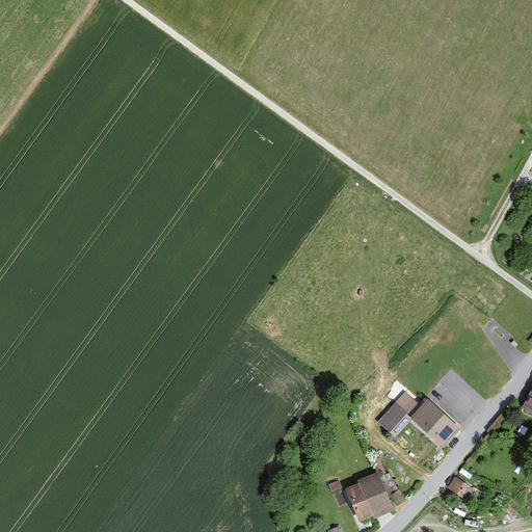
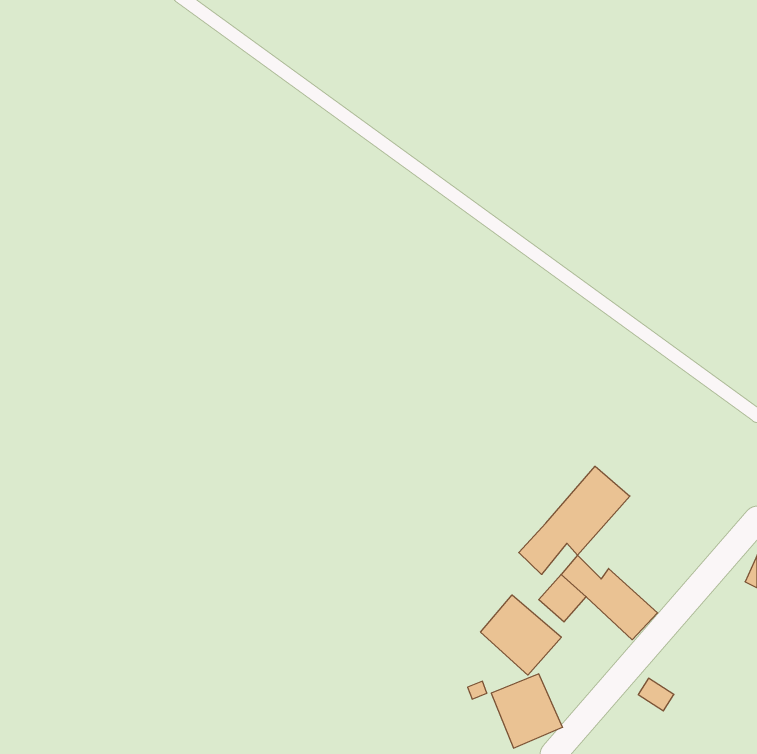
building: none -> [519,466,630,574]
building: none -> [481,595,561,675]

